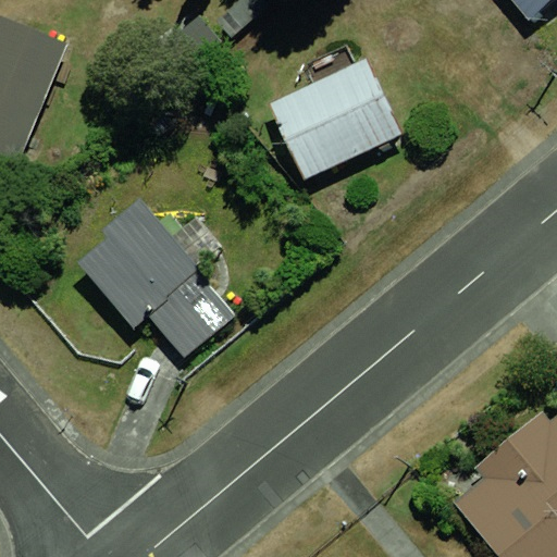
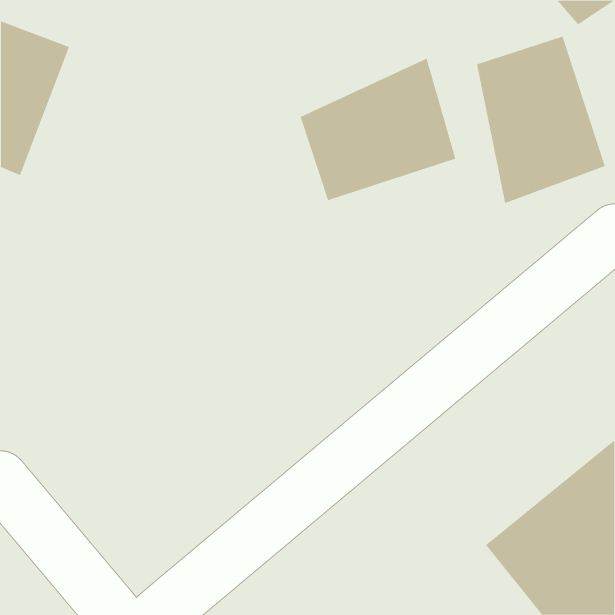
building: none -> [477,36,606,204]
building: [81,190,222,333] -> none

